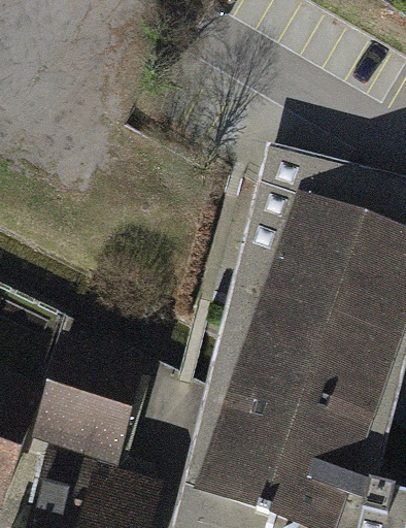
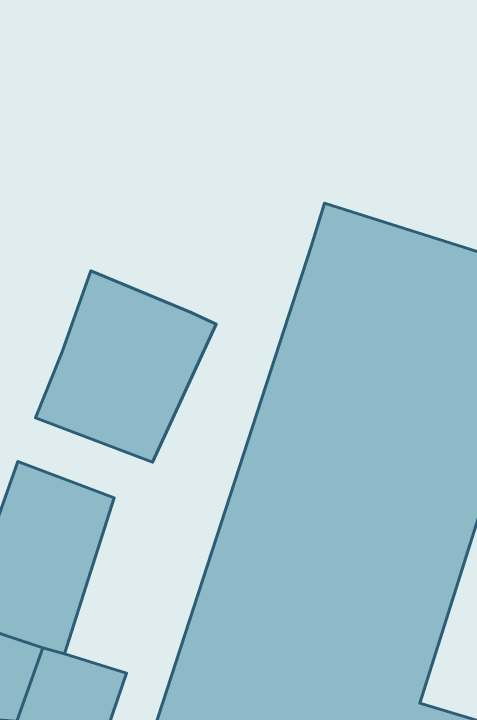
building: none -> [35,271,216,462]

